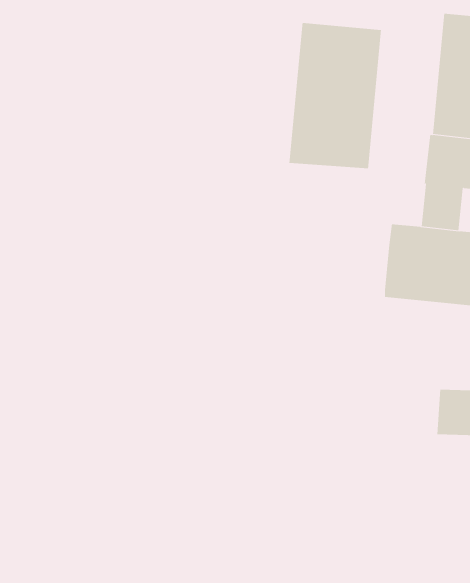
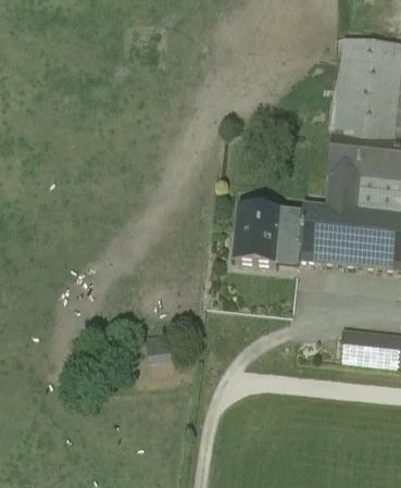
building: [289,22,381,169] -> none
building: none -> [235,210,302,266]

